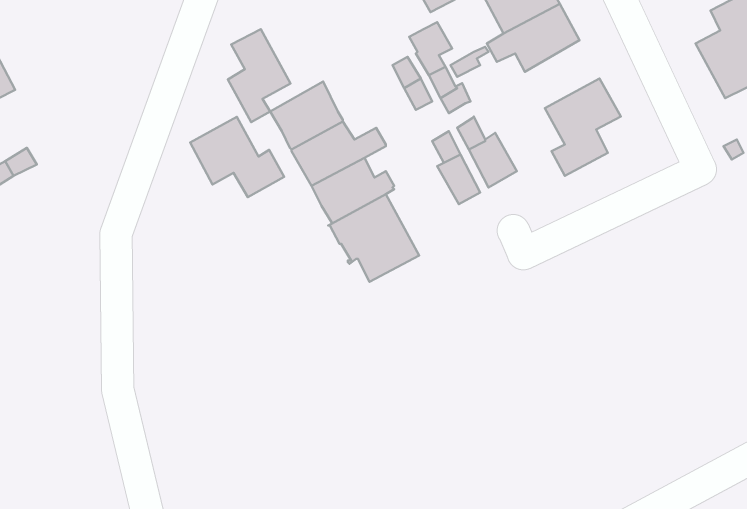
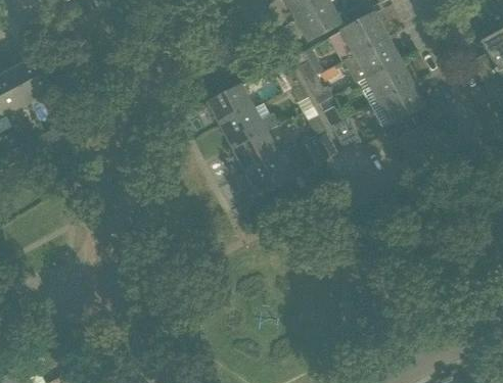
building: [228,29,291,122] -> none
building: none -> [365,58,411,100]
building: [190,117,284,197] -> none

